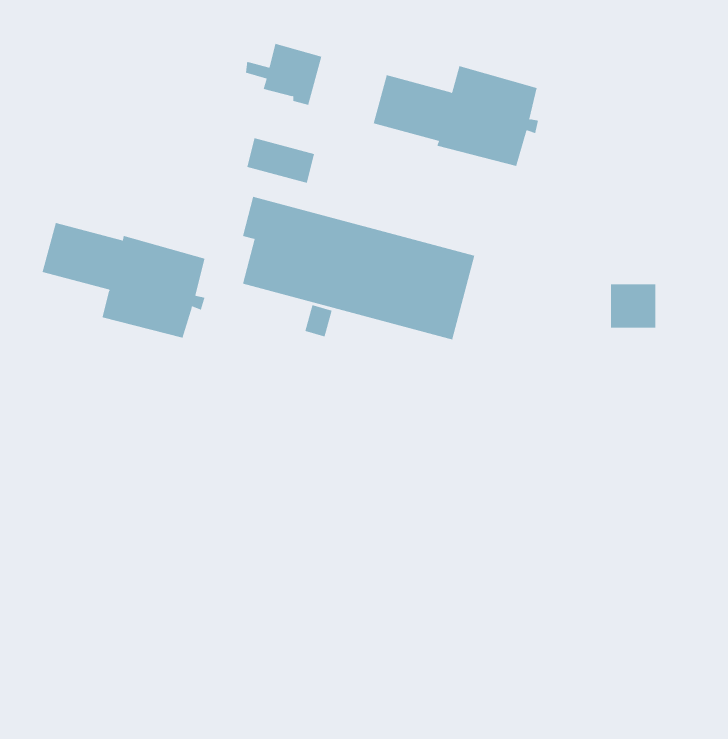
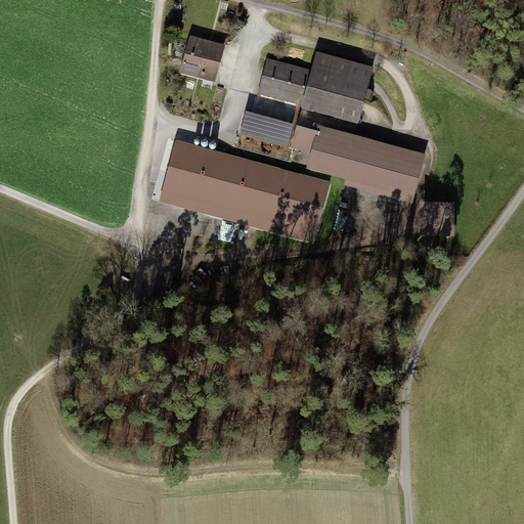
building: [247,137,315,183] -> [241,112,288,143]
building: none -> [292,125,420,198]
building: [42,222,205,339] -> none

